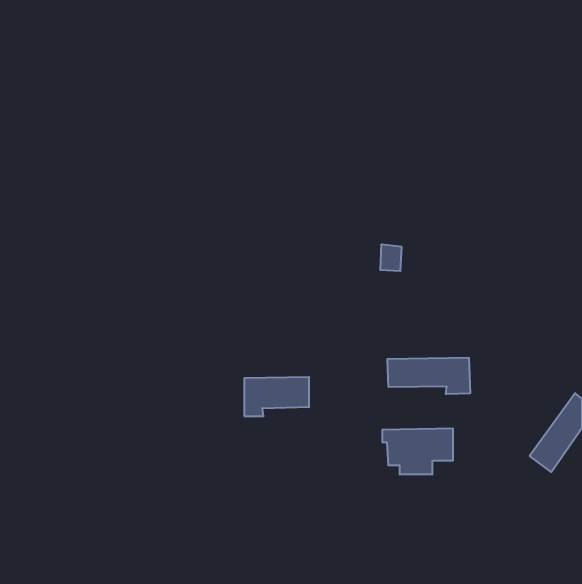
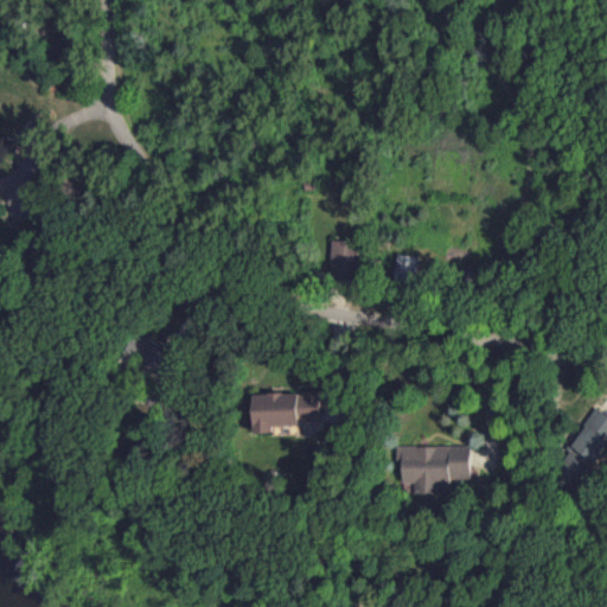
building: none -> [328,241,356,277]
building: [387,358,470,394] -> none

